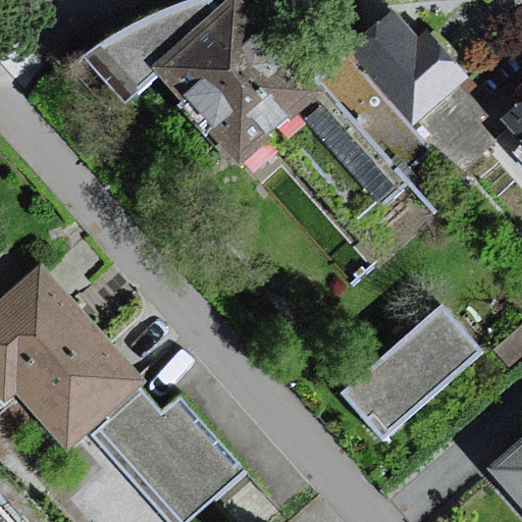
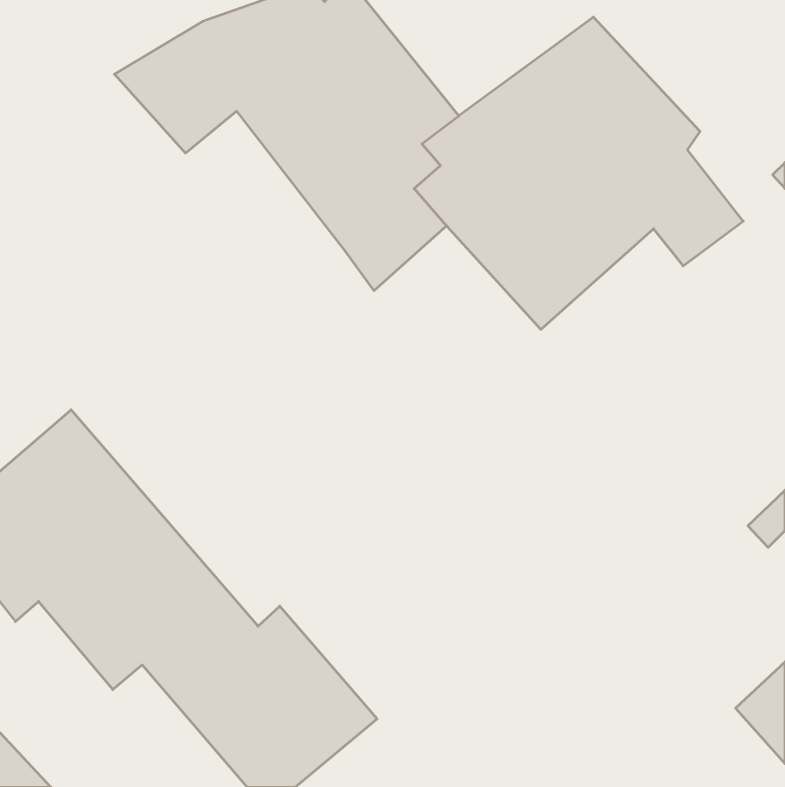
building: [347,306,480,434] -> none

